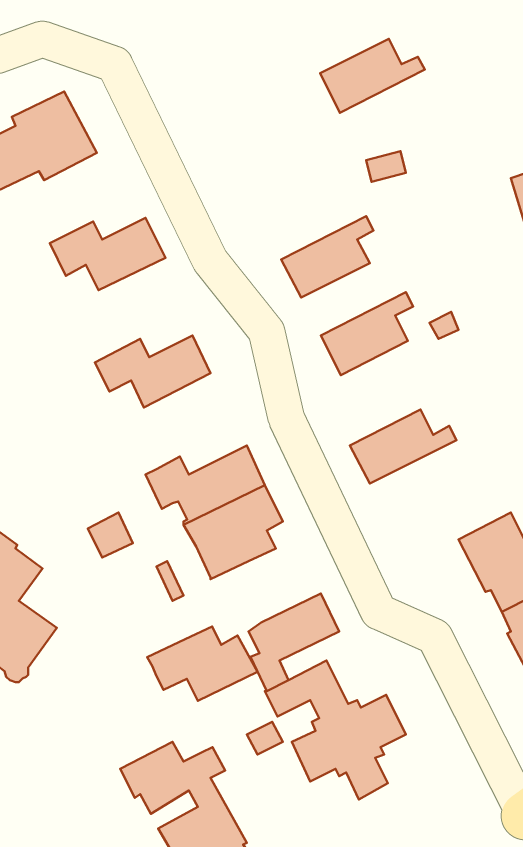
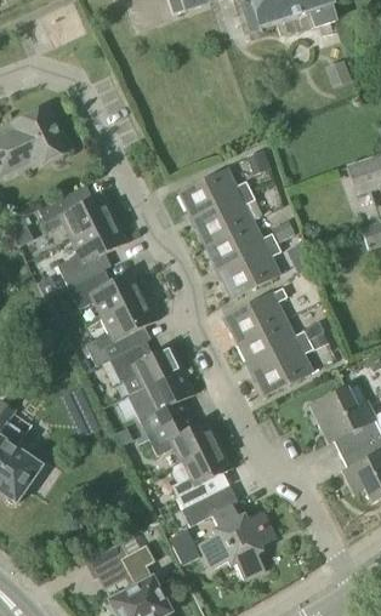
building: [320,39,425,113] -> [180,167,250,217]
building: none -> [57,216,127,286]
building: none -> [206,219,277,268]
building: none -> [226,286,289,342]
building: none -> [86,293,158,364]
building: none -> [252,338,315,394]
building: [147,627,257,701] -> [146,411,220,461]

